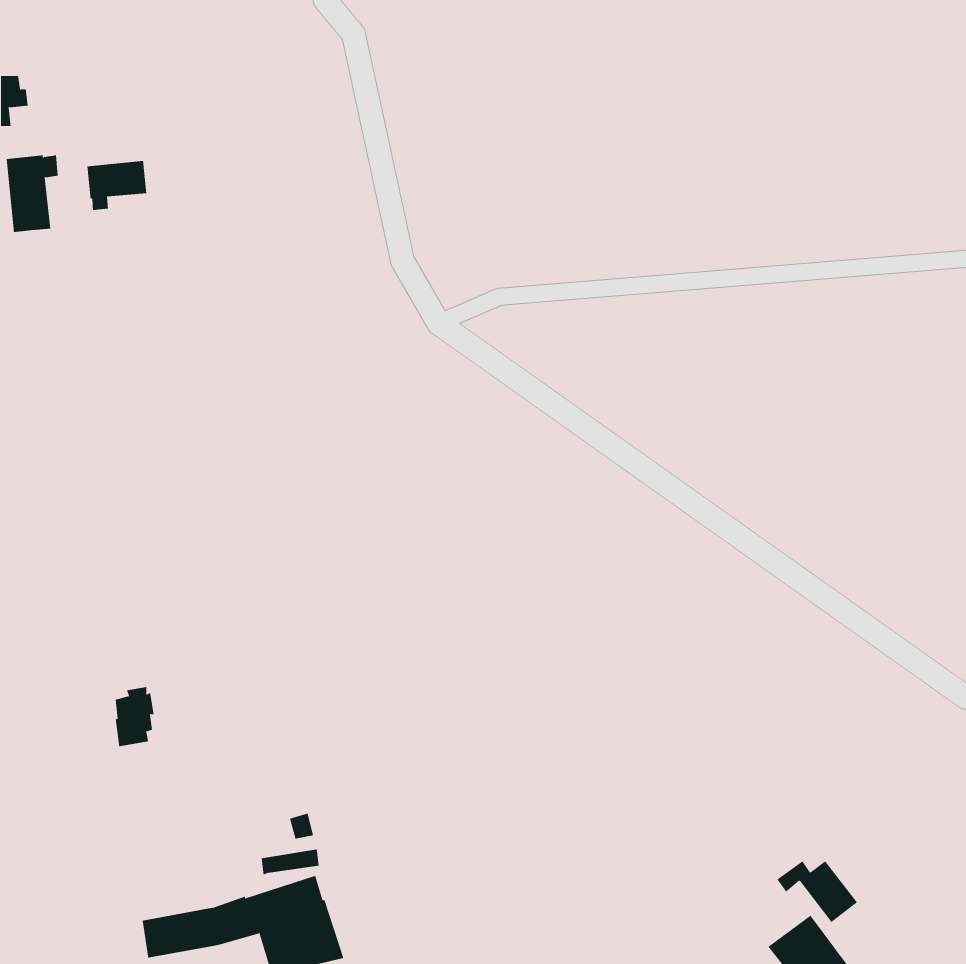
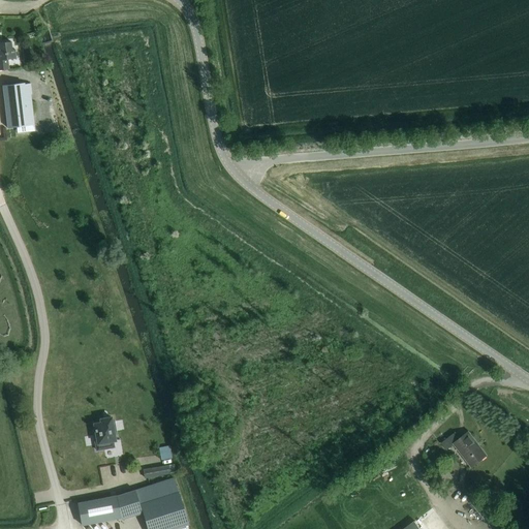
building: [87,160,147,211] -> none
building: [115,686,155,747] -> [94,417,116,450]
building: [776,860,858,923] -> [441,433,486,467]

